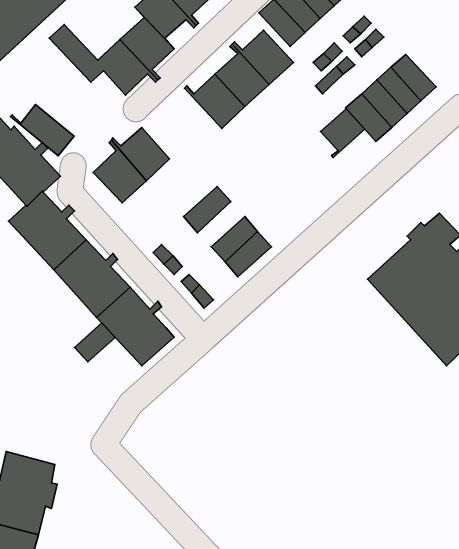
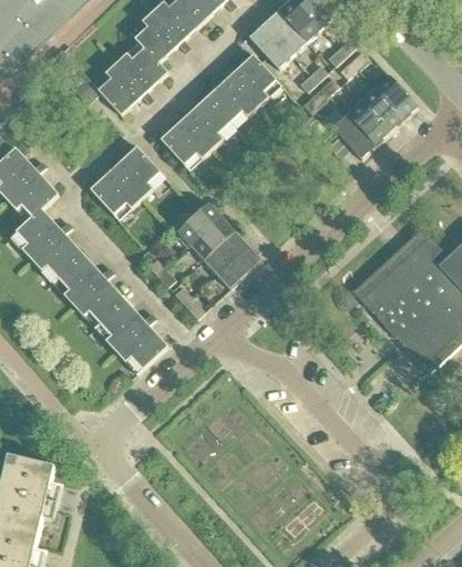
building: none -> [160,109,213,169]
building: [10,104,74,156] -> none
building: [321,109,365,158] -> none
building: none -> [189,217,235,260]
building: [74,323,115,362] -> none

